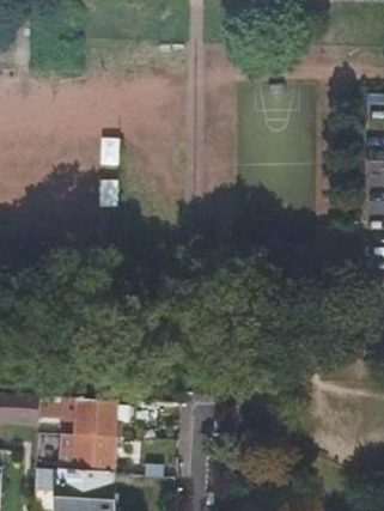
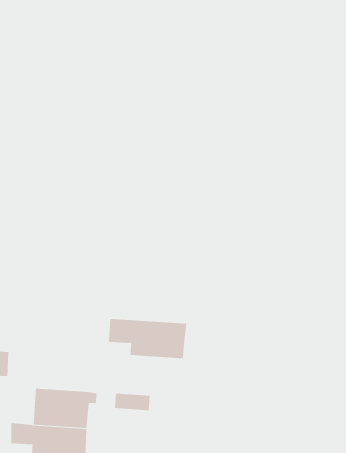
building: [38,395,118,436] -> [108,319,187,359]

